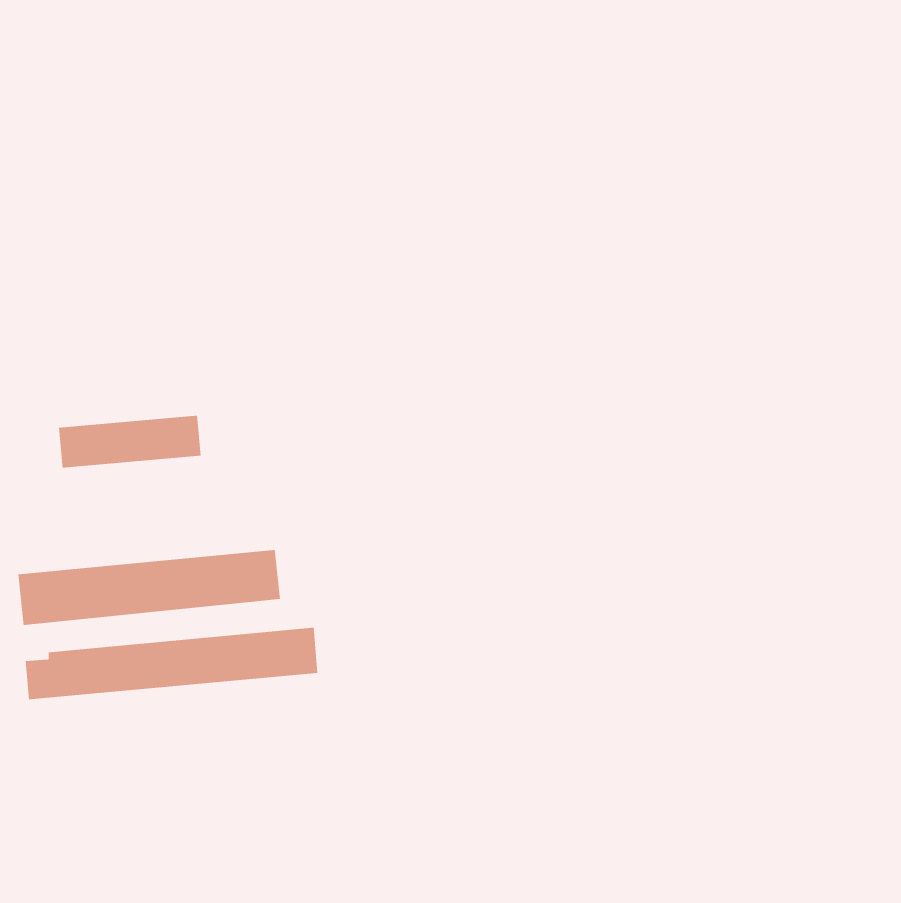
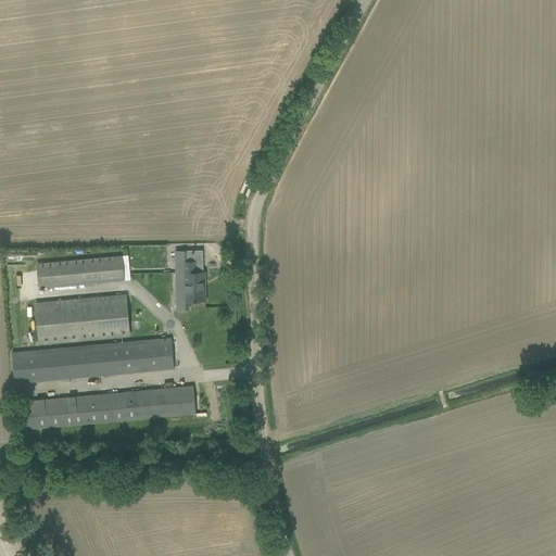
building: none -> [174,250,204,301]
building: none -> [34,294,129,343]

